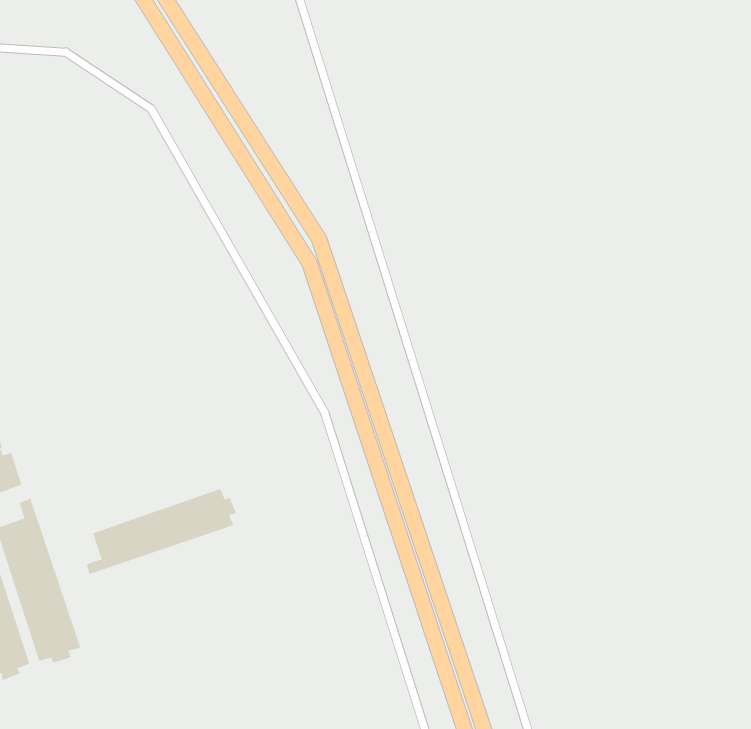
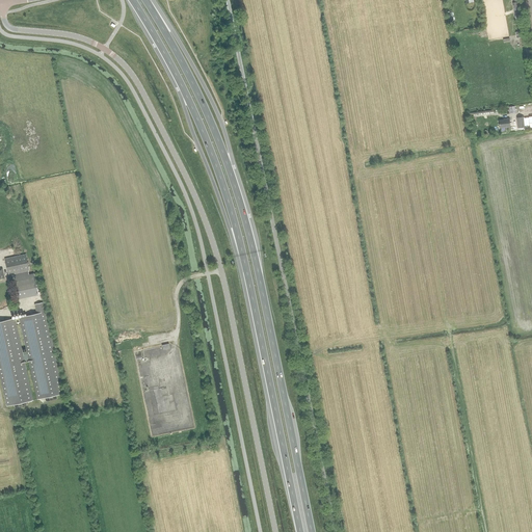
building: [86,488,237,575] -> none

